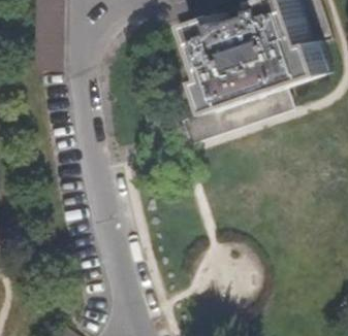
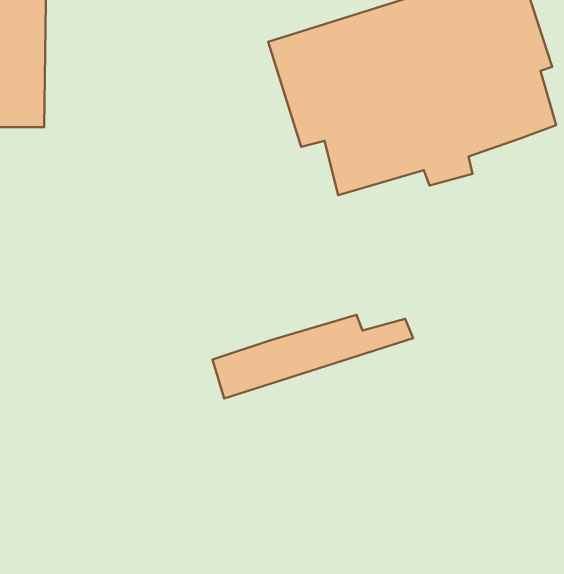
building: [182,99,288,143] -> [213,315,413,398]

